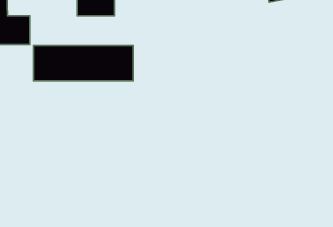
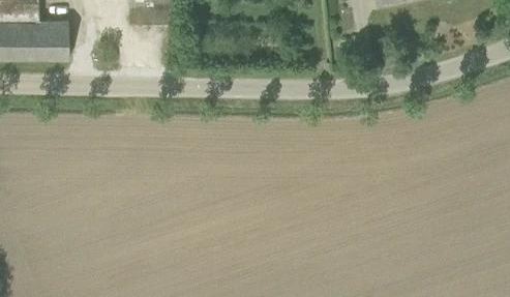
building: [33,45,133,81] -> none

